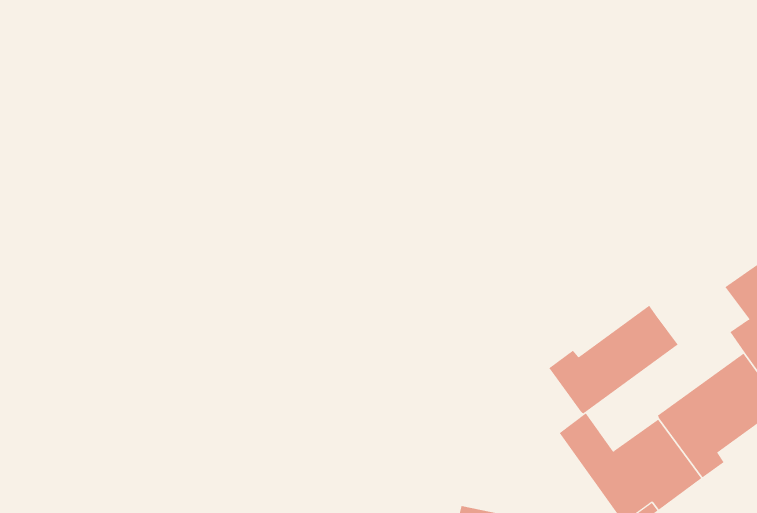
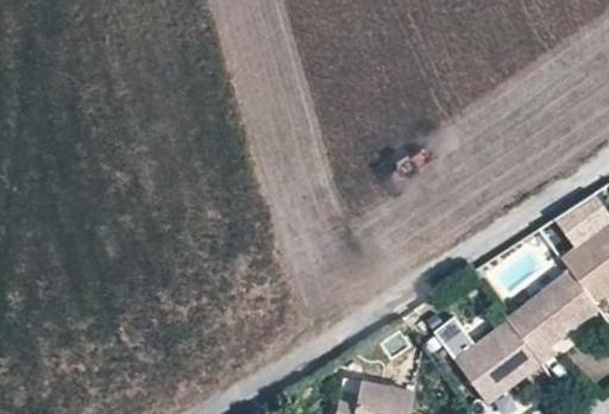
building: [548,305,679,415] -> none

